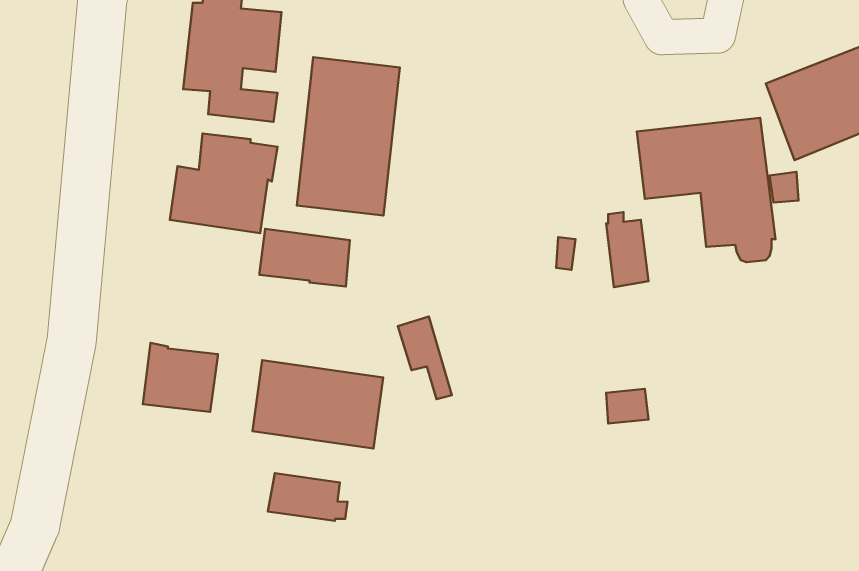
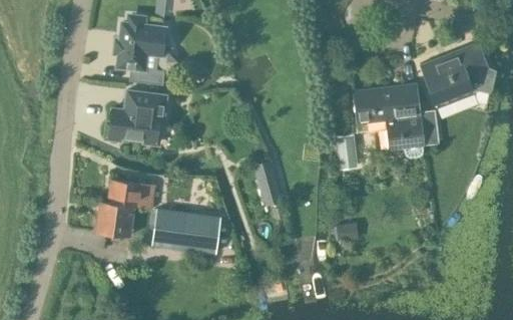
building: [297,57,400,216] -> none
building: [259,229,350,286] -> [108,179,155,209]
building: [398,316,452,399] -> [254,162,283,205]
building: [268,473,348,521] -> none

